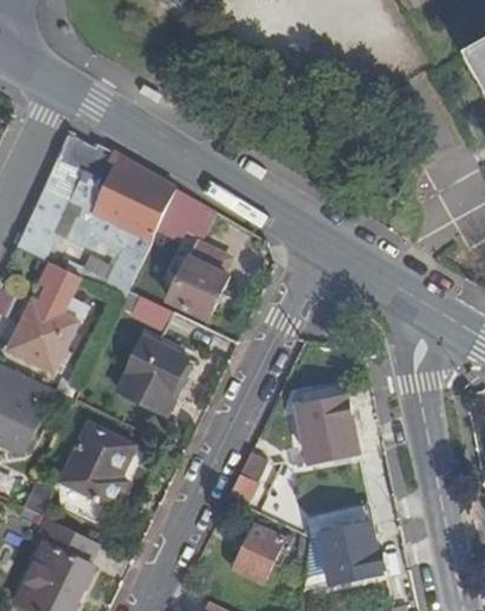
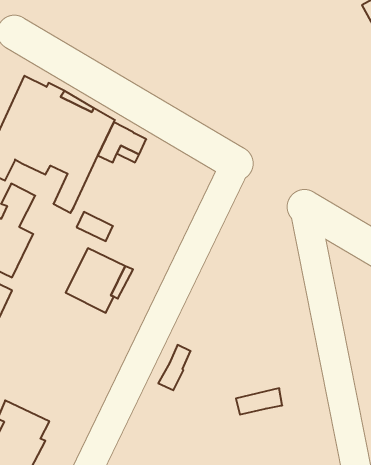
building: [166,241,227,320] -> none
building: [290,396,357,462] -> none
building: [56,422,134,524] -> none
building: [232,524,291,582] -> none
building: [321,524,387,584] -> none

